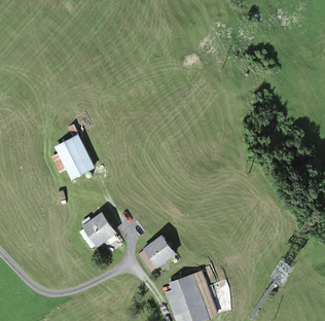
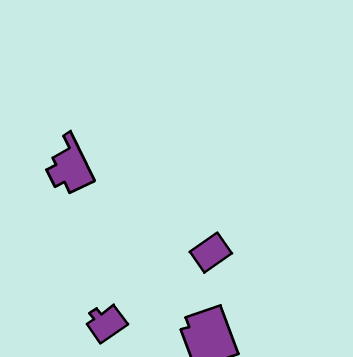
building: [80,214,115,247] -> [87,305,128,343]
building: [139,236,175,270] -> [190,233,232,273]

